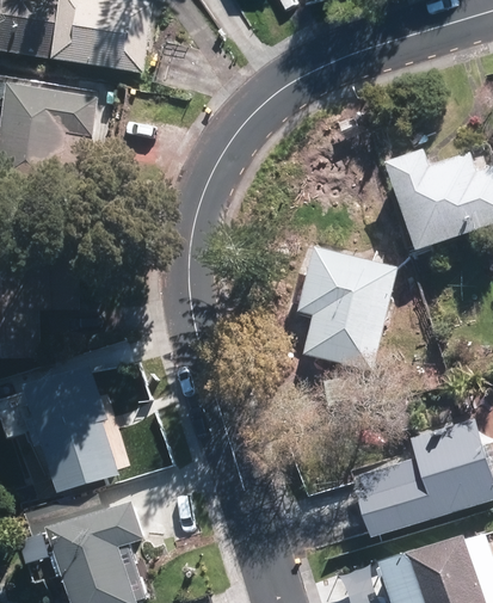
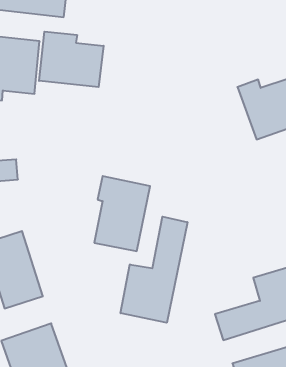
building: none -> [39,32,104,87]
building: [303,254,383,362] -> [94,176,150,251]
building: none -> [121,217,187,323]

